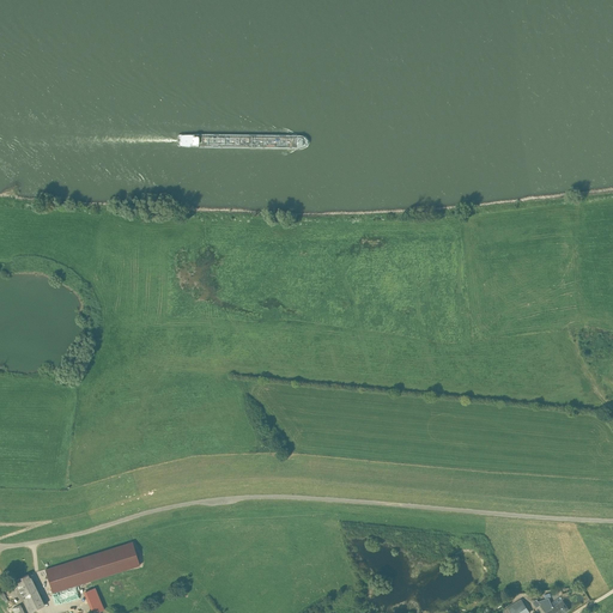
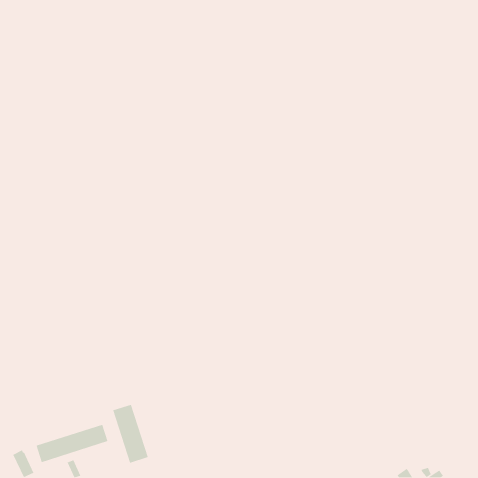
building: none -> [112,404,149,464]

